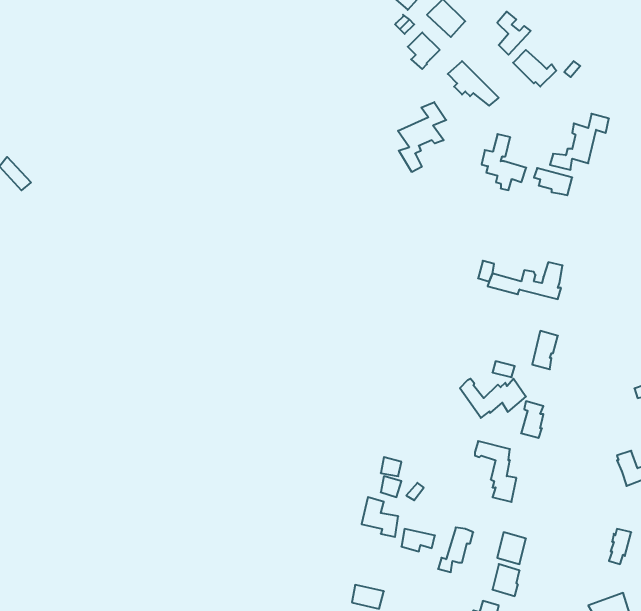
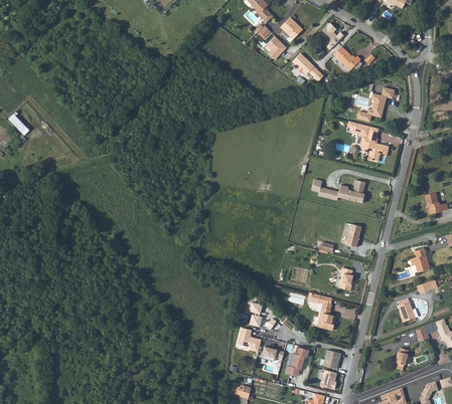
building: [398,102,446,172] -> none
building: [482,134,526,190] -> [360,127,389,162]
building: [460,379,526,418] -> none

